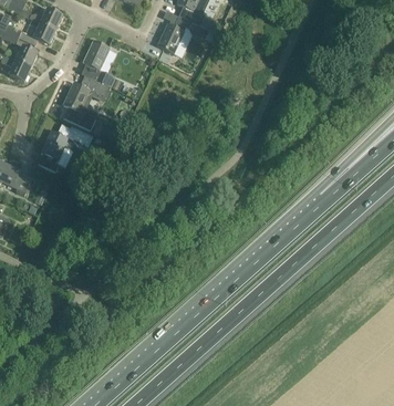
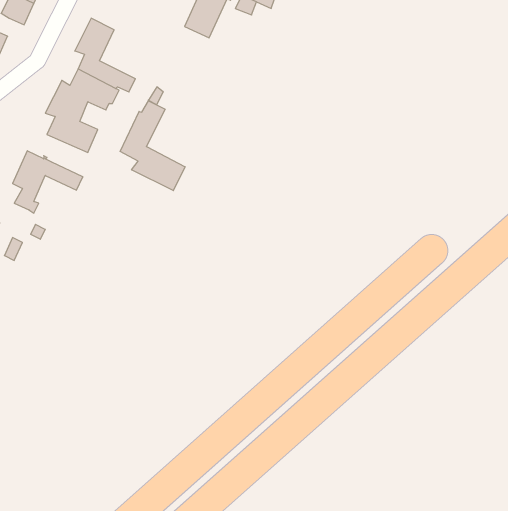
building: none -> [120,101,185,191]

